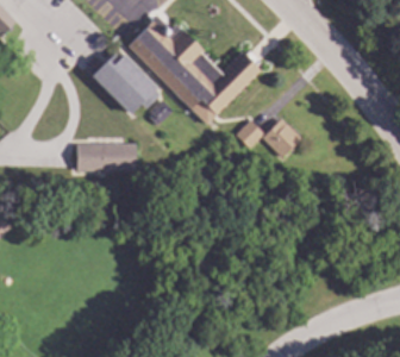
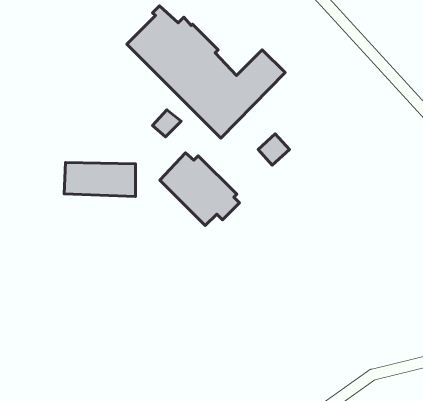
building: [92,52,158,113] -> [160,153,240,226]
building: [262,118,300,157] -> none

